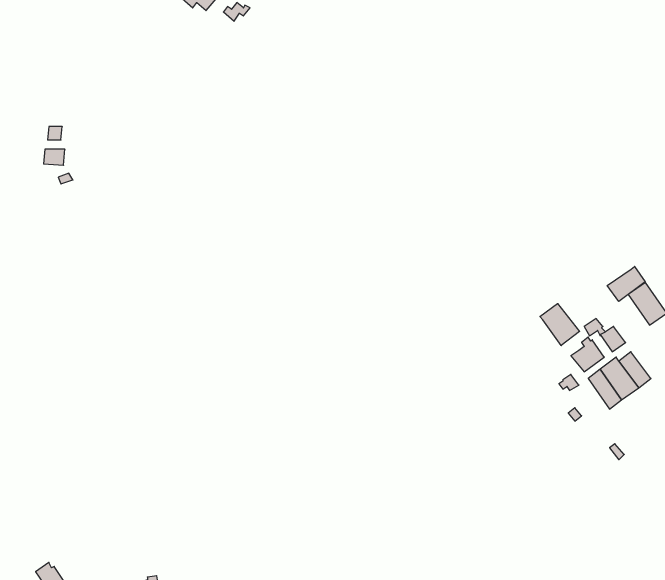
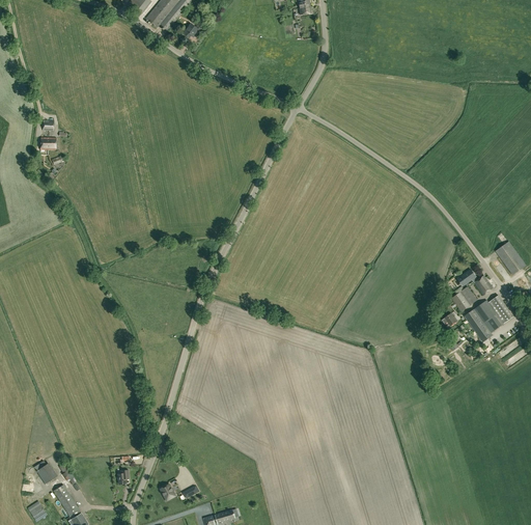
building: [607,266,645,301] -> none
building: [540,304,580,346] -> none

